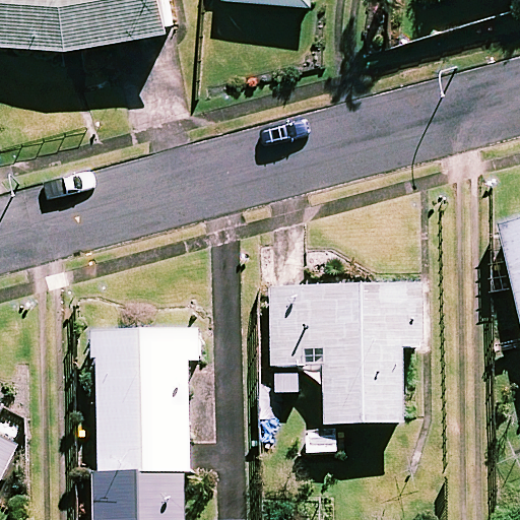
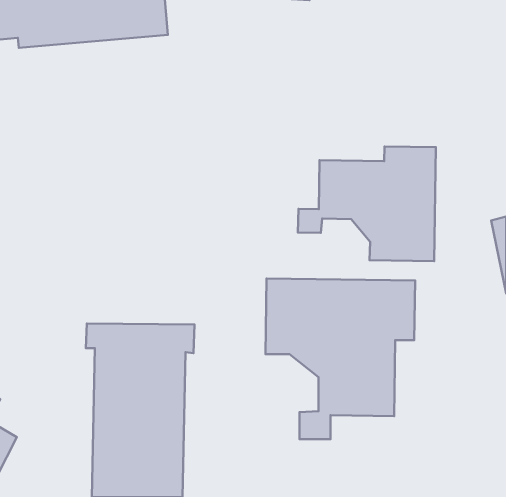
building: none -> [298,147,436,261]

